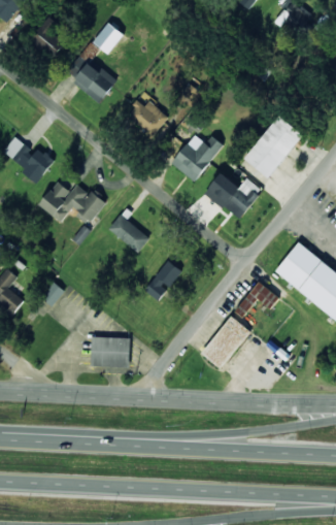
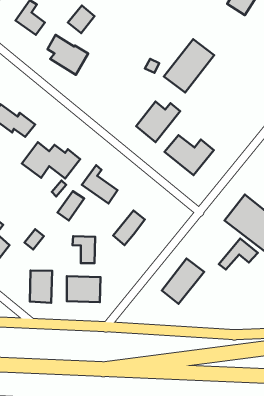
building: [128,100,168,135] -> none
building: [244,116,303,177] -> [164,39,214,93]
building: none -> [58,191,84,221]
building: [234,281,279,317] -> [219,238,258,270]
building: none -> [72,236,95,263]
building: none -> [30,270,52,303]

